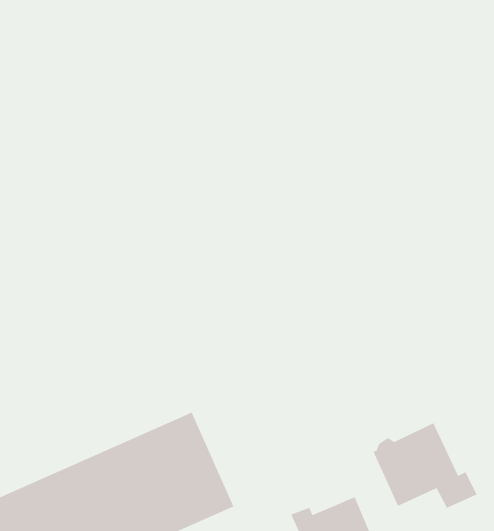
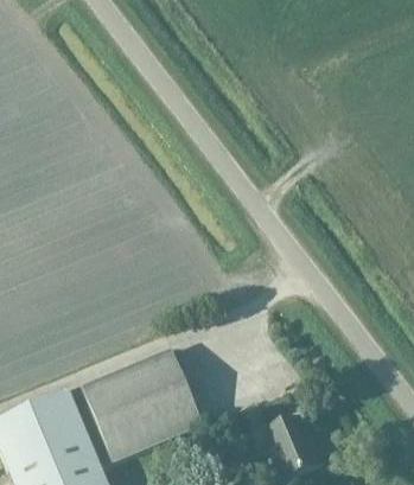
building: [373,422,478,509] -> none

